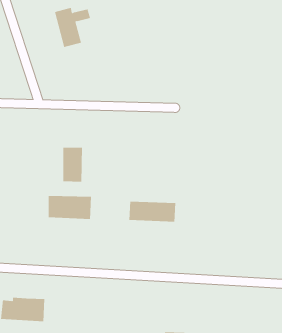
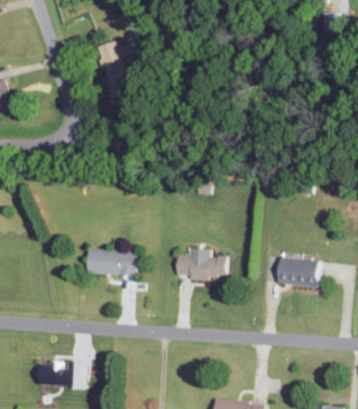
building: [63,147,83,183] -> none
building: none -> [277,257,323,285]

